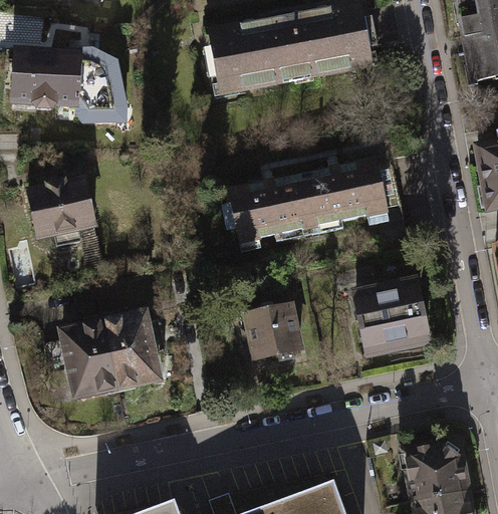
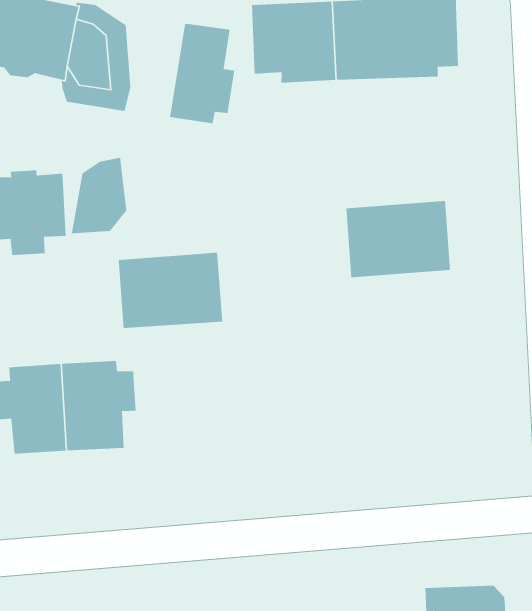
building: none -> [169,23,235,124]
building: none -> [71,157,127,234]
building: [226,175,311,242] -> [118,252,223,329]
building: [358,280,429,347] -> none
building: [244,305,297,361] -> none

